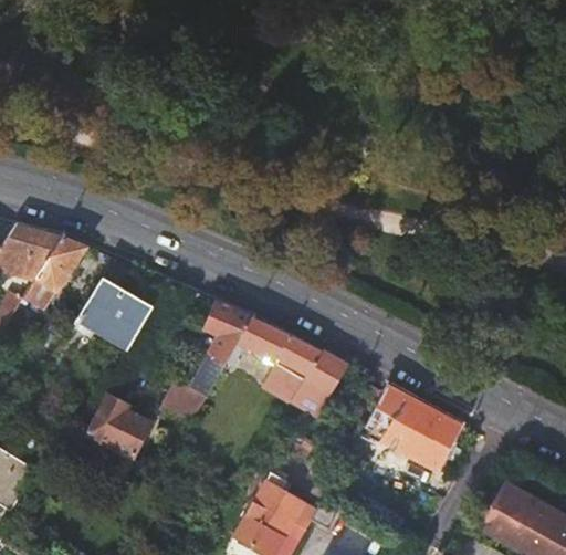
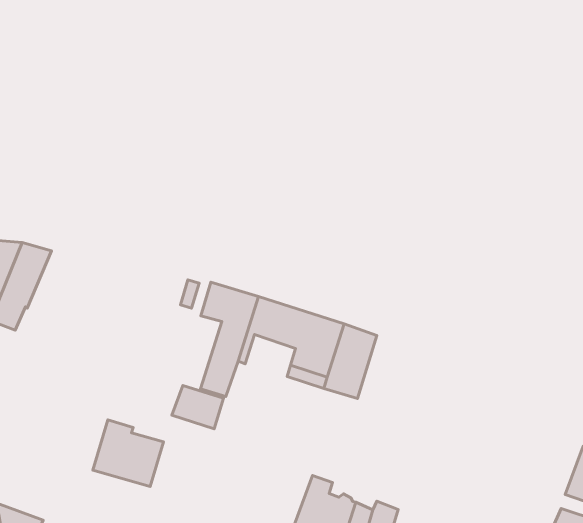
building: [75,281,150,349] -> none
building: [361,385,459,465] -> none

